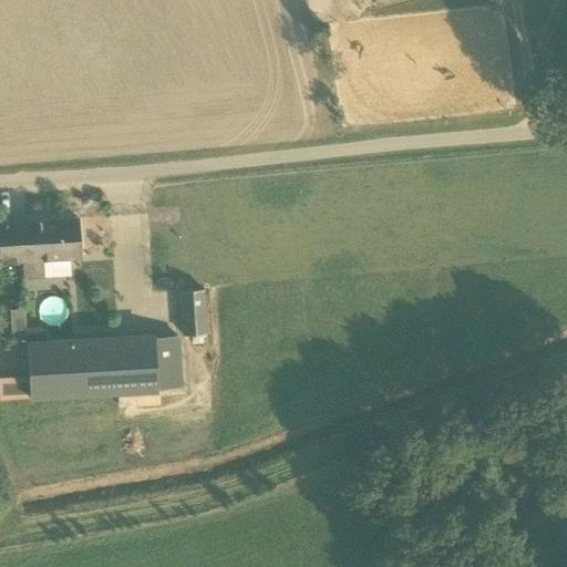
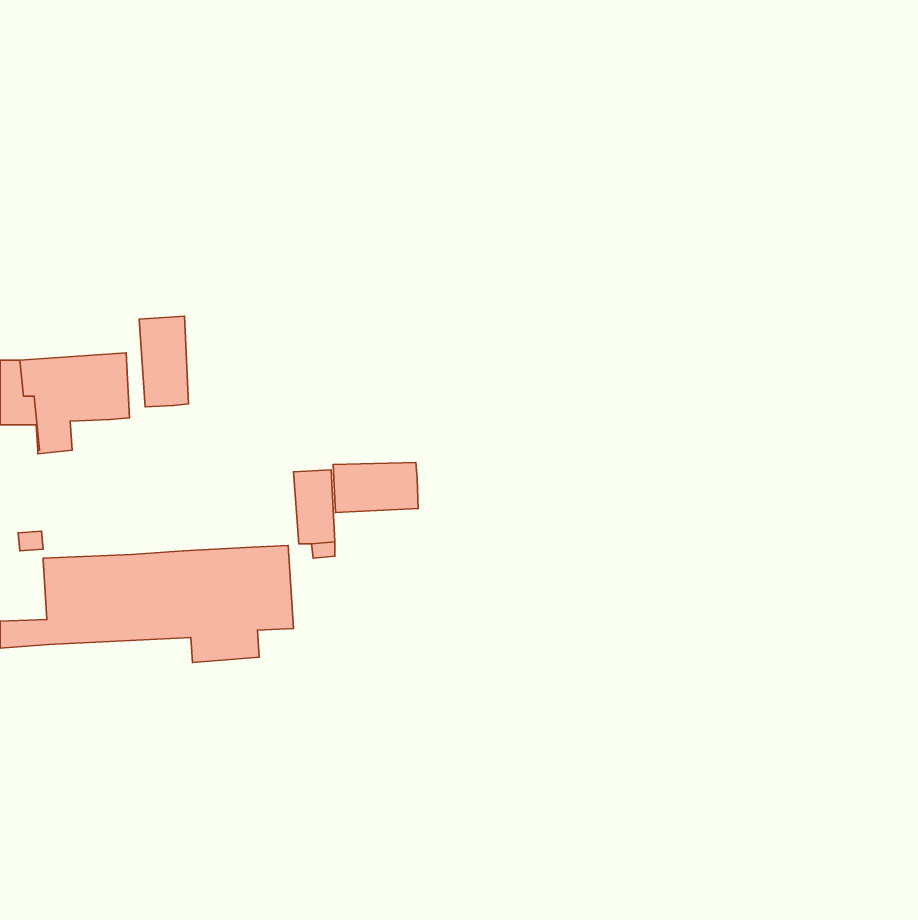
building: none -> [139,316,188,407]
building: none -> [333,463,418,513]

